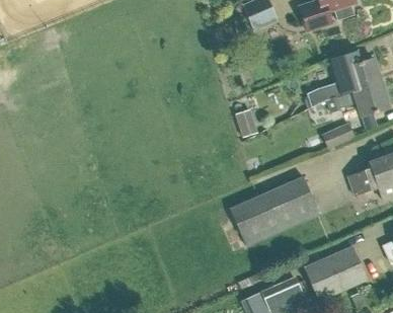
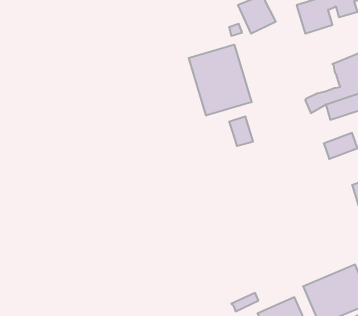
building: none -> [189,45,252,116]
building: [230,176,321,247] -> none

